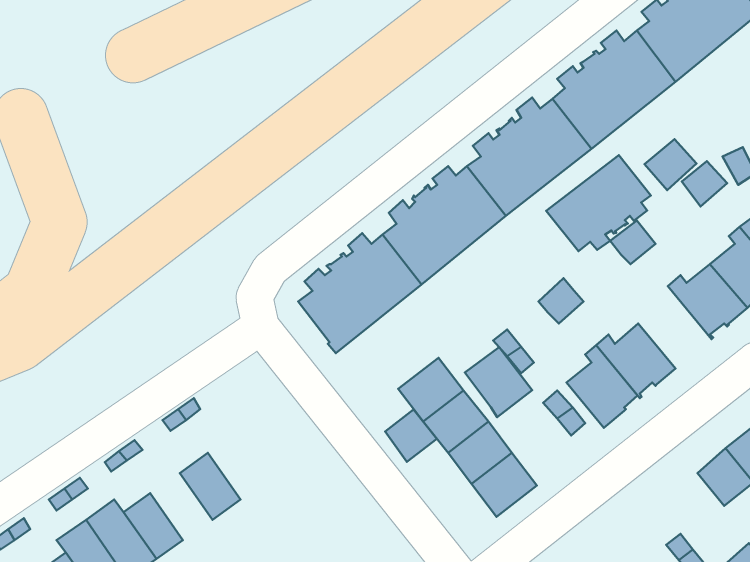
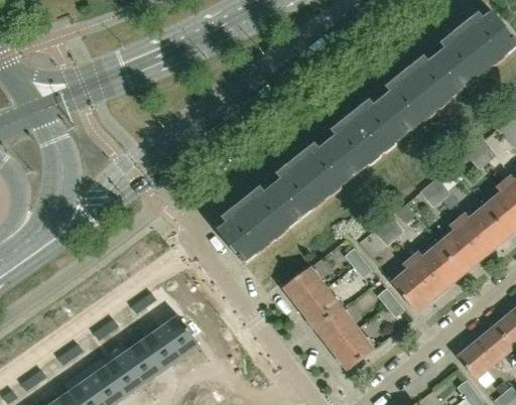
building: [644,139,697,190] -> none
building: [546,155,651,251] -> none
building: none -> [438,220,486,273]
building: [465,347,532,417] -> none
building: [385,409,437,462] -> none
building: none -> [160,315,200,358]
building: none -> [123,341,163,384]
building: none -> [458,341,494,378]

